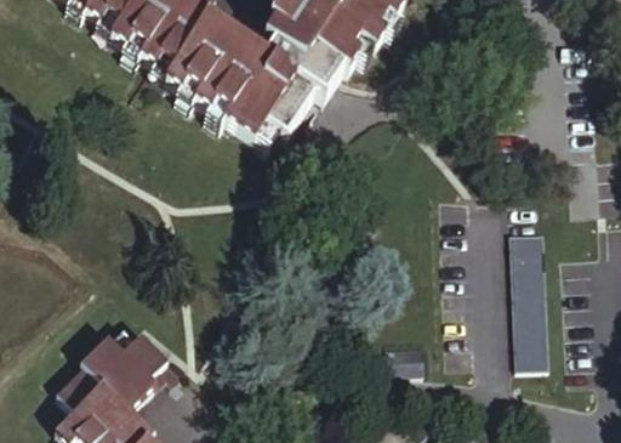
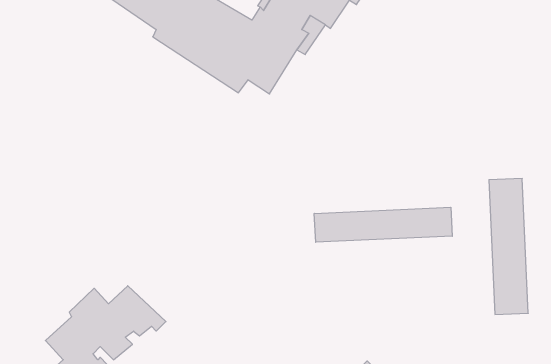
building: none -> [314,207,452,242]

